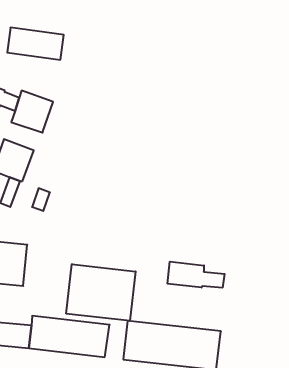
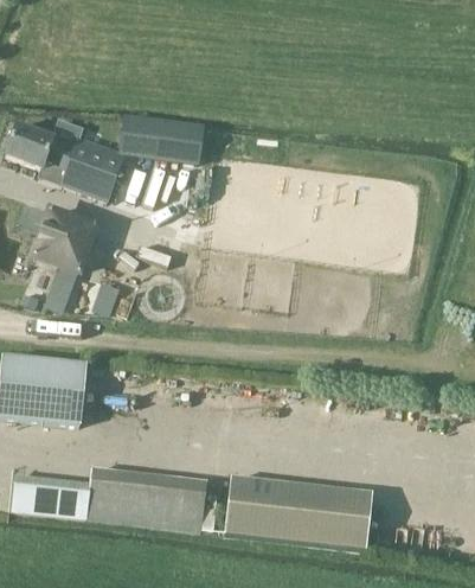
building: [7,28,64,60] -> [118,115,201,162]
building: [168,262,225,288] -> none
building: [66,264,136,321] -> none

